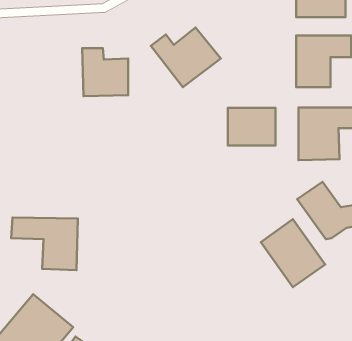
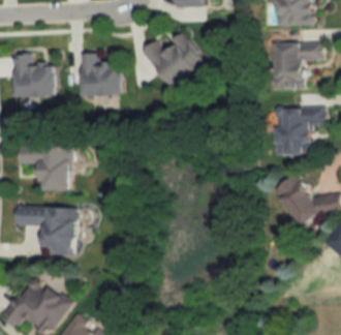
building: none -> [13,52,55,96]
building: [228,108,275,146] -> none
building: none -> [18,145,70,191]
building: [261,219,325,287] -> none

